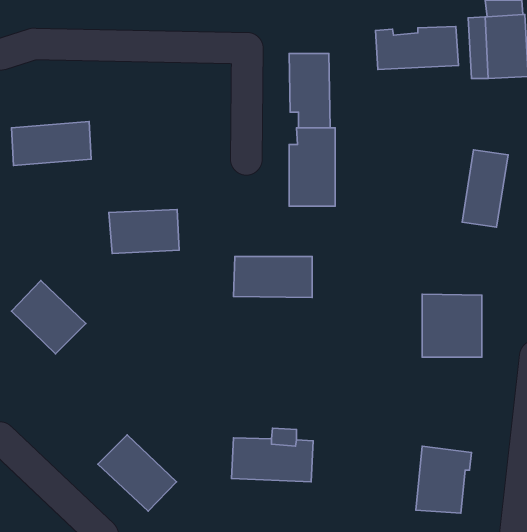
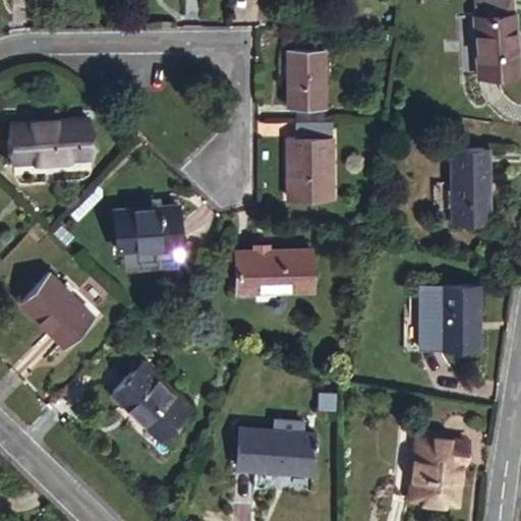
building: [375,26,458,69] -> none
building: [98,435,177,511] -> [113,366,189,441]

